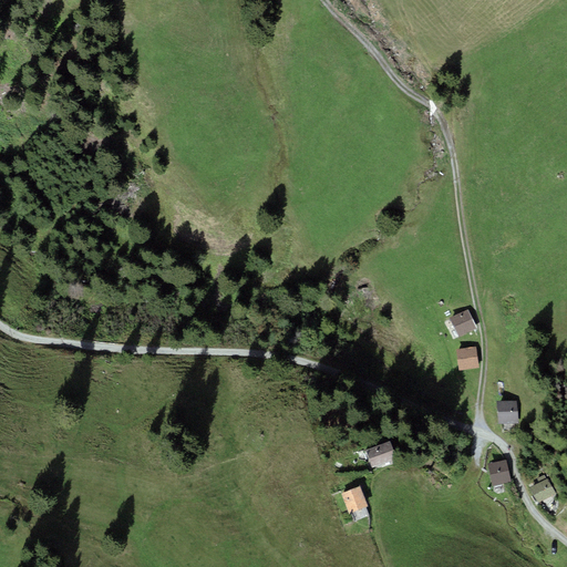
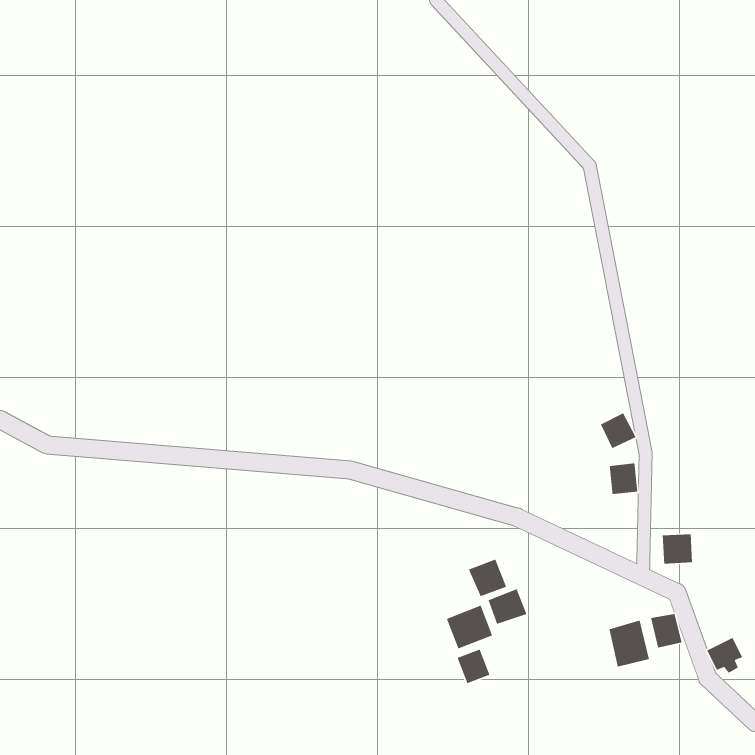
building: none -> [468,558,507,597]
building: none -> [446,605,493,649]
building: none -> [609,619,650,667]

